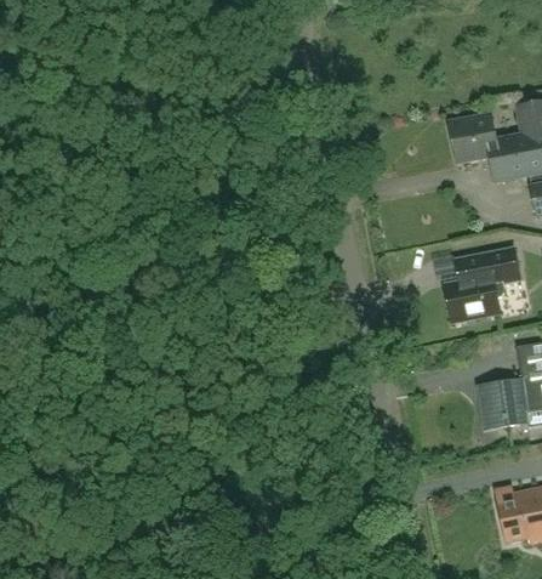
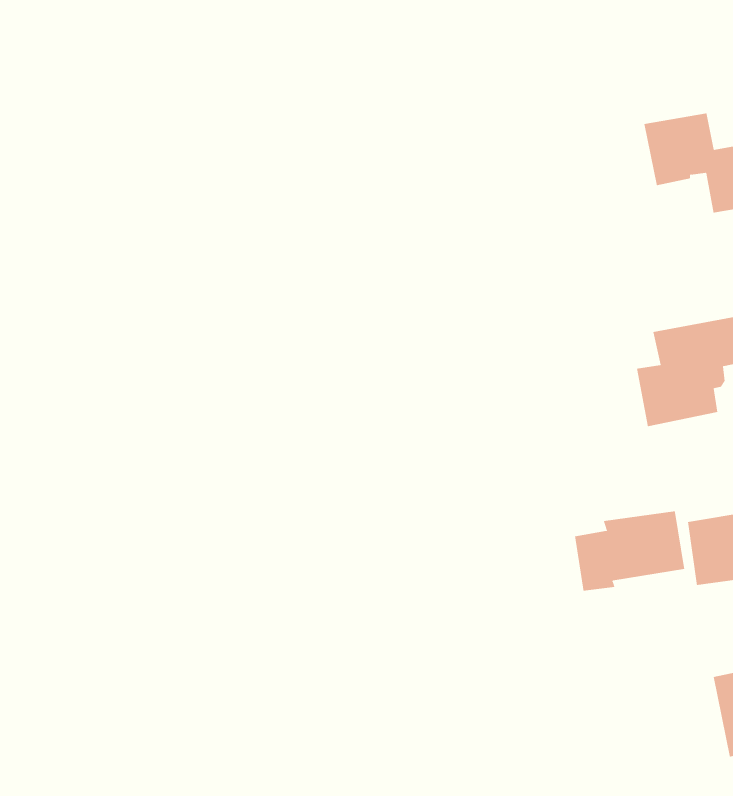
building: none -> [575,511,685,592]

